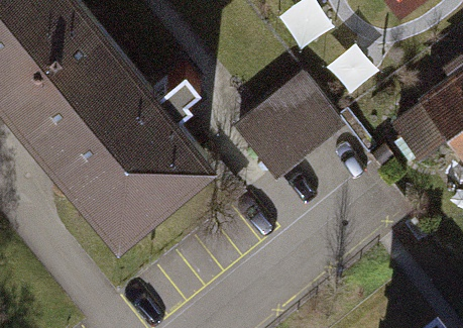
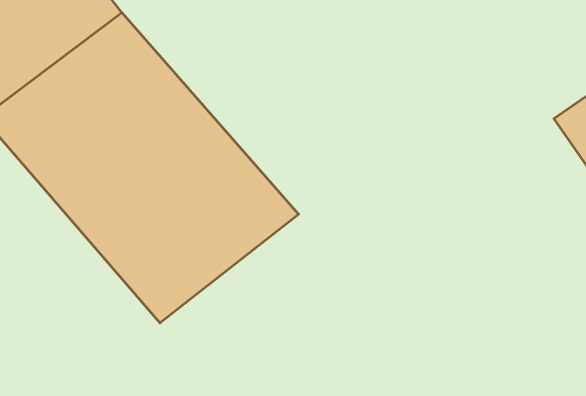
building: [229,67,338,173] -> none

